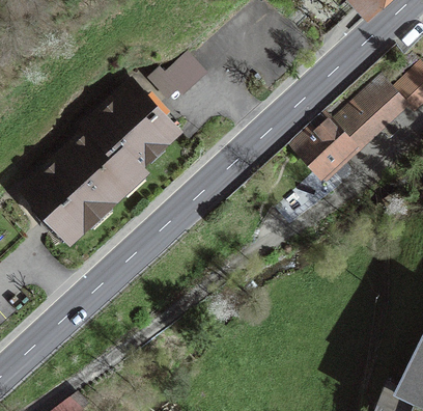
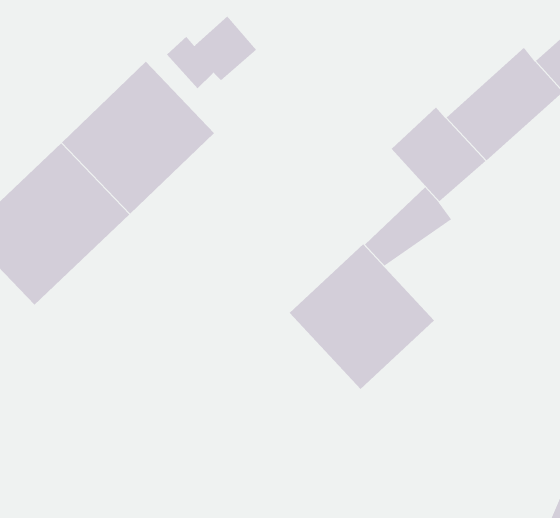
building: none -> [289,243,435,390]

